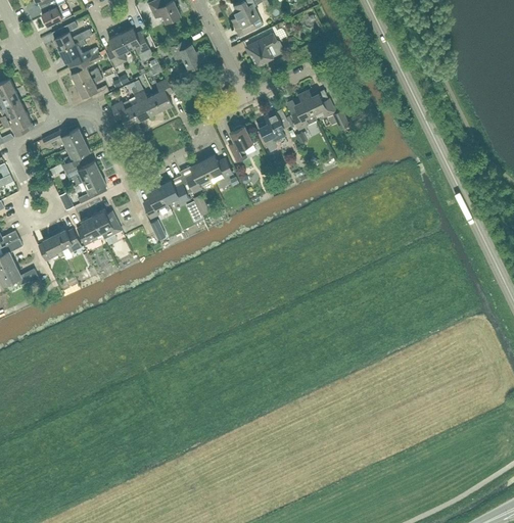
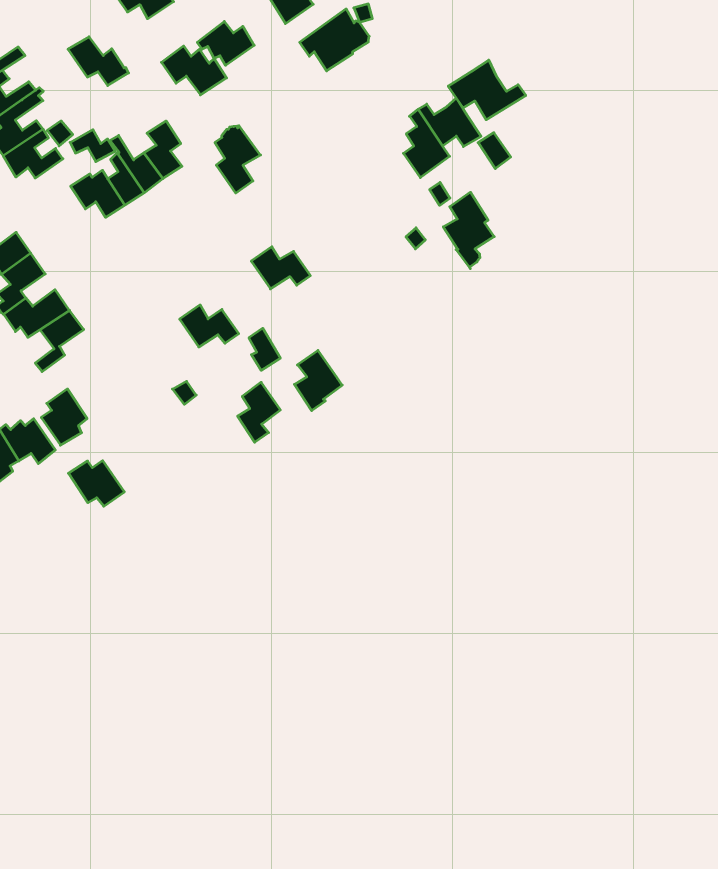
building: none -> [197,21,254,65]
building: [108,33,128,66] -> none
building: none -> [448,60,526,120]
building: [259,110,285,151] -> [443,192,494,269]
building: [228,126,252,161] -> [215,126,261,193]
building: [186,160,212,192] -> [294,350,342,411]
building: [143,186,167,218] -> [238,382,280,442]
building: [93,209,122,235] -> [68,461,124,506]

